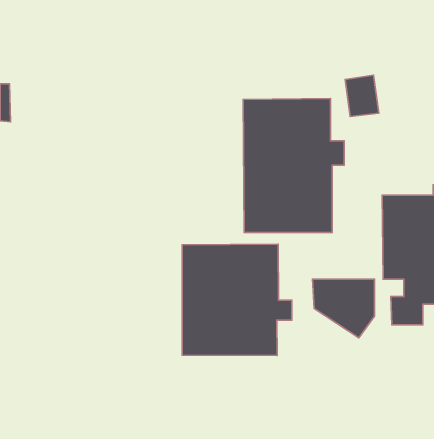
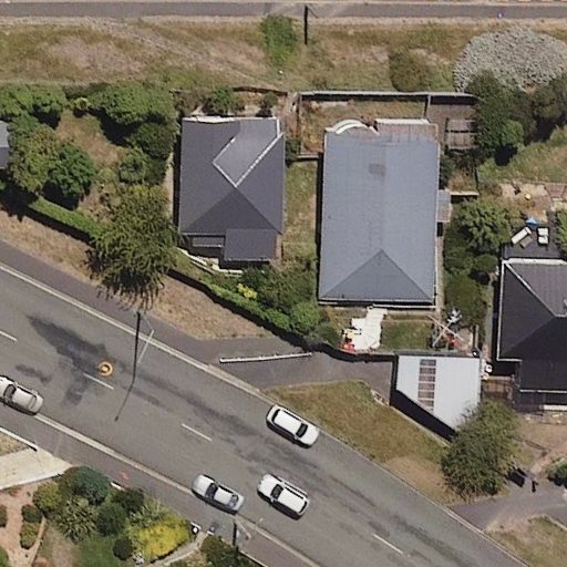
building: none -> [177,111,282,261]
building: [182,244,292,355] -> none

